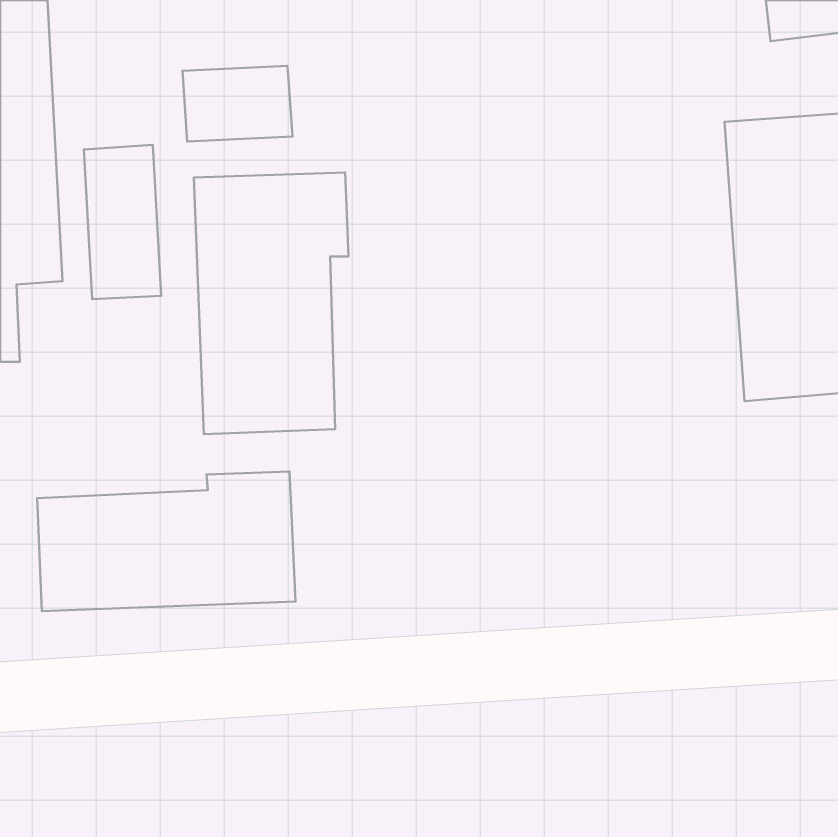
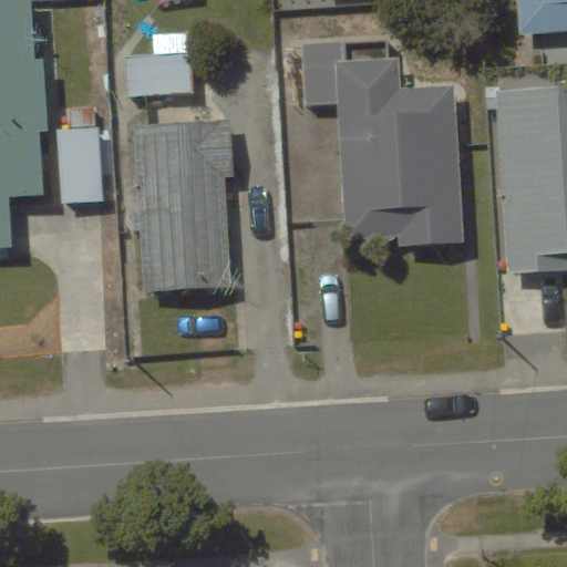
building: none -> [300,40,460,252]
building: [37,471,295,611] -> none

